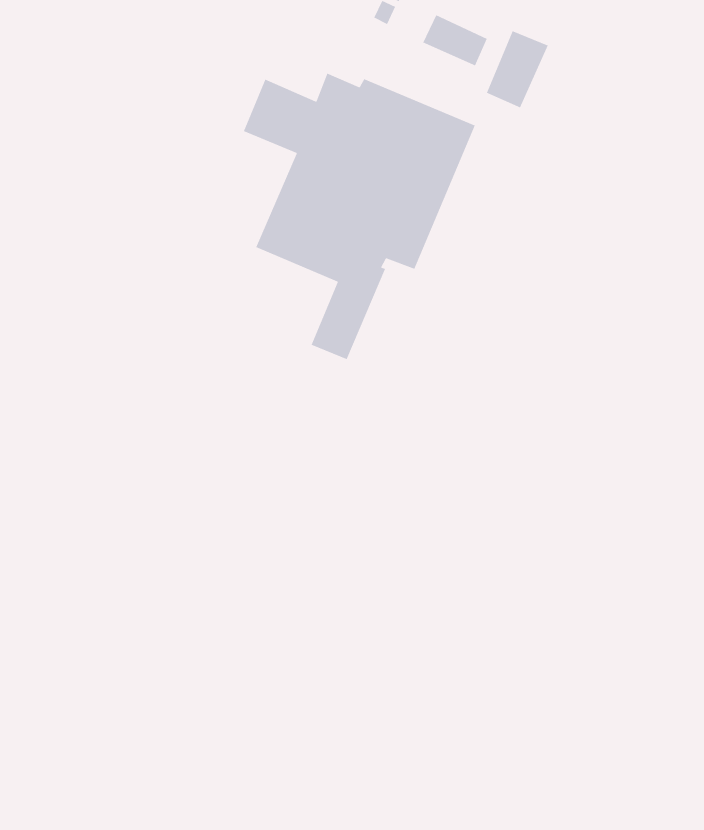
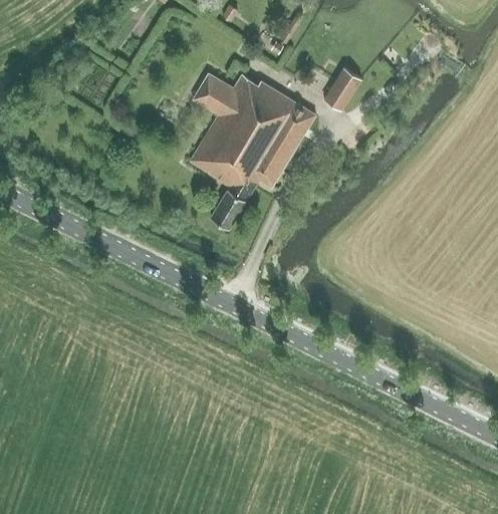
building: [422,14,488,67] -> none

